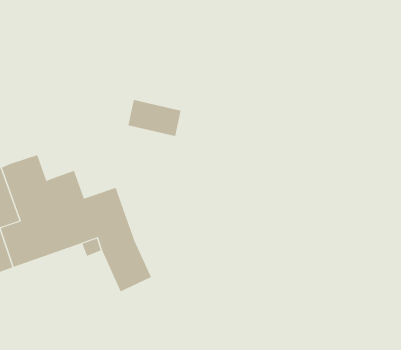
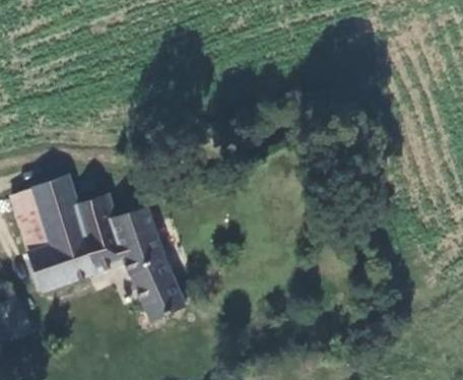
building: [128,99,181,137] -> none

